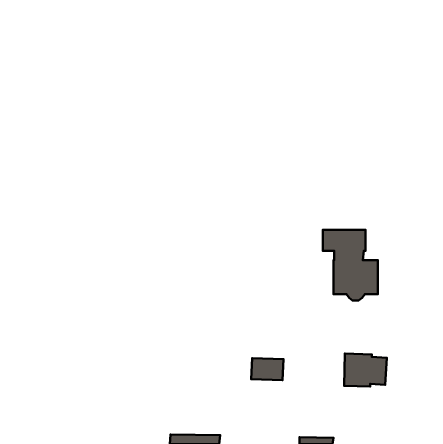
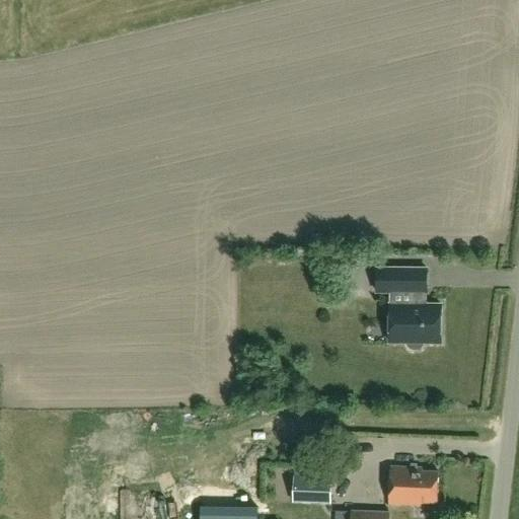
building: [344,354,387,387] -> [388,468,438,507]
building: [251,358,283,380] -> [293,475,330,501]

